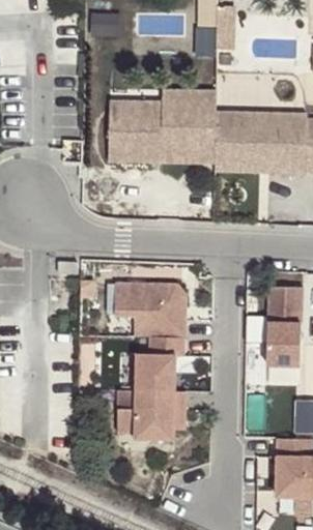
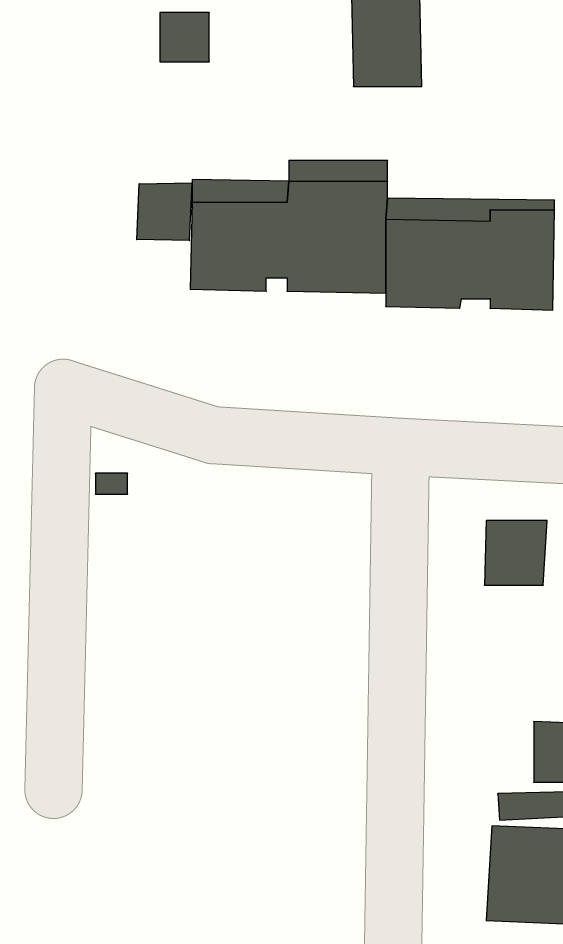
building: none -> [137,183,192,241]
building: [112,285,184,338] -> none
building: [263,329,297,369] -> none
building: [126,354,176,440] -> none

